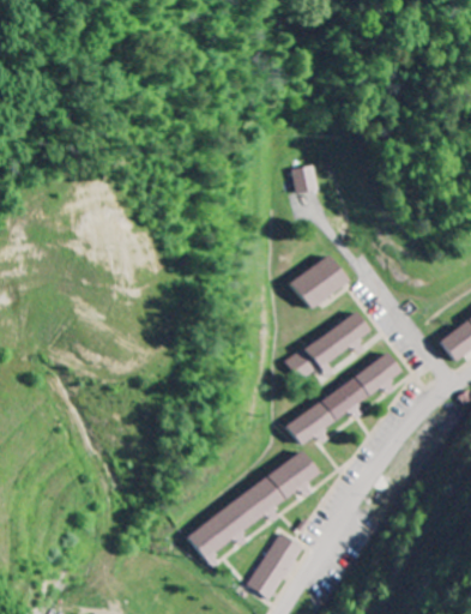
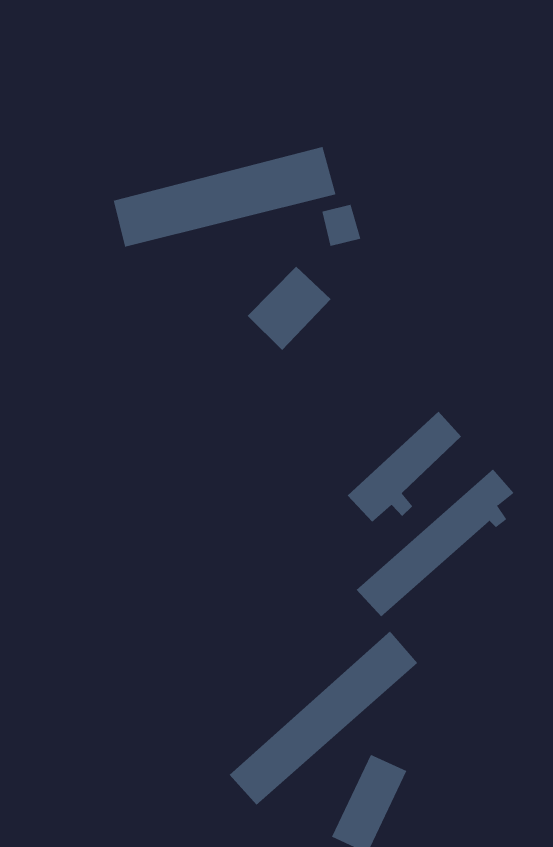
building: none -> [113,146,336,247]
building: [291,255,349,311] -> [247,266,331,351]

